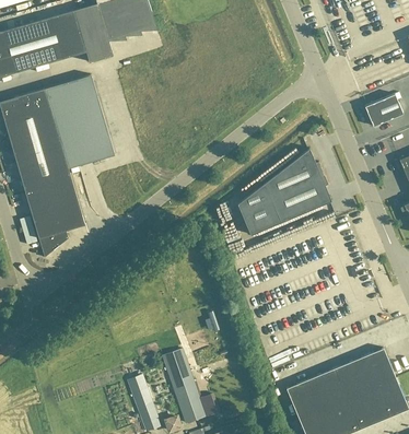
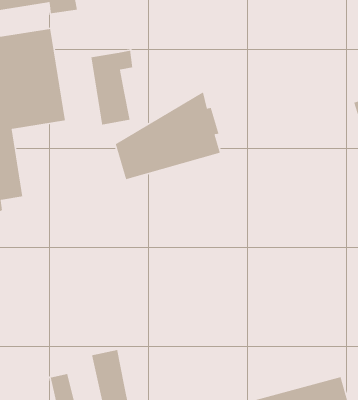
building: none -> [91,50,133,125]
building: [237,149,331,235] -> [115,91,221,180]

